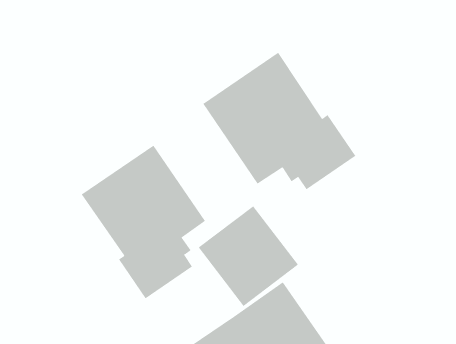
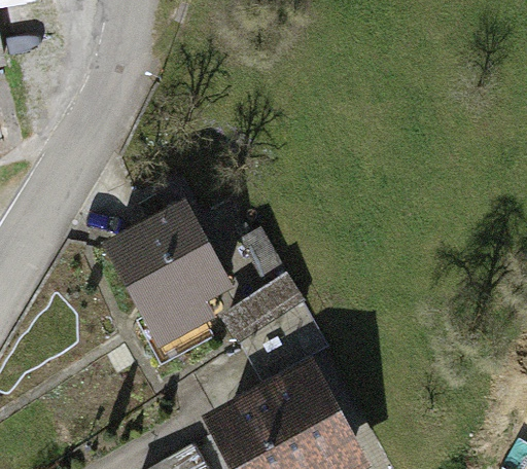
building: [202,52,356,190] -> none

